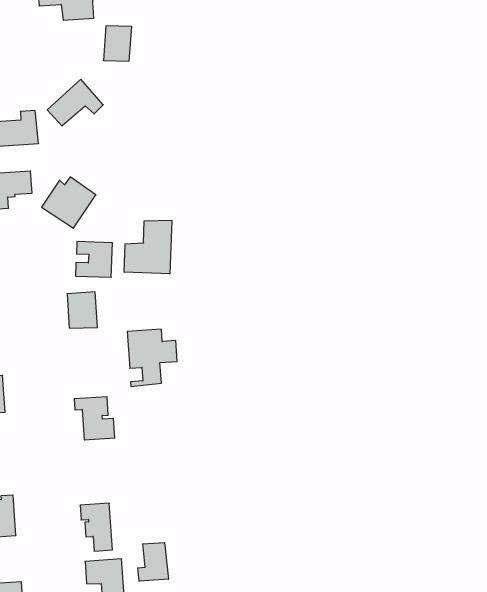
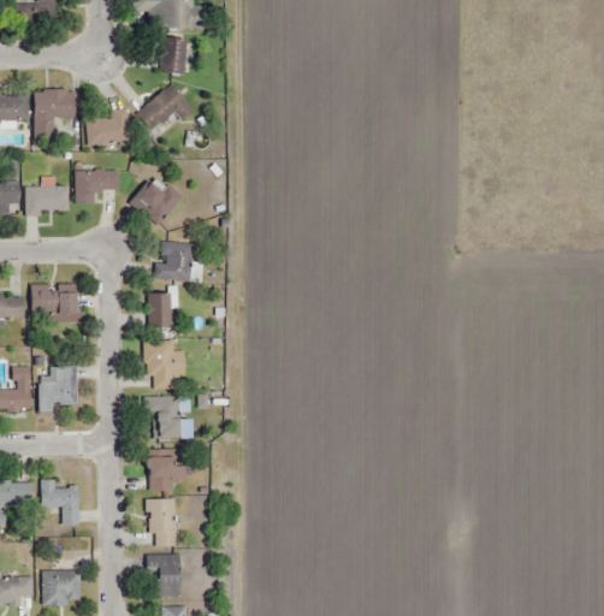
building: [103,26,132,61] -> [159,36,189,72]
building: [124,220,172,274] -> none
building: [127,329,177,387] -> [141,339,188,393]
building: none -> [146,448,186,491]
building: [138,543,168,581] -> none

